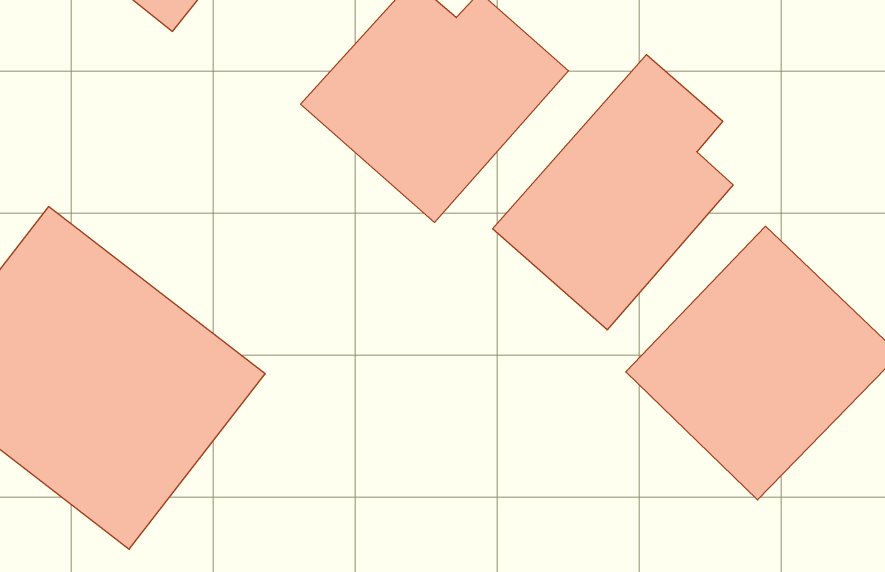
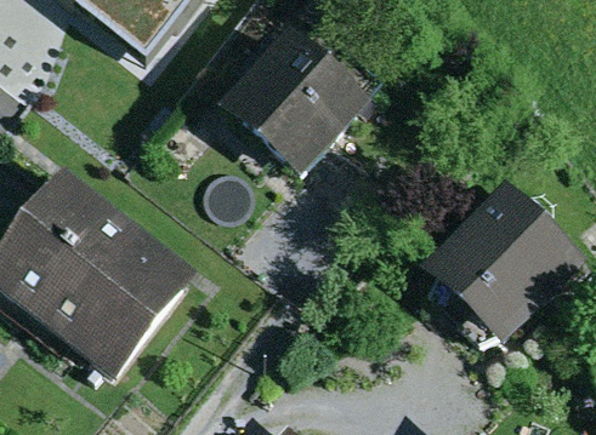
building: [493,55,733,330] -> none

